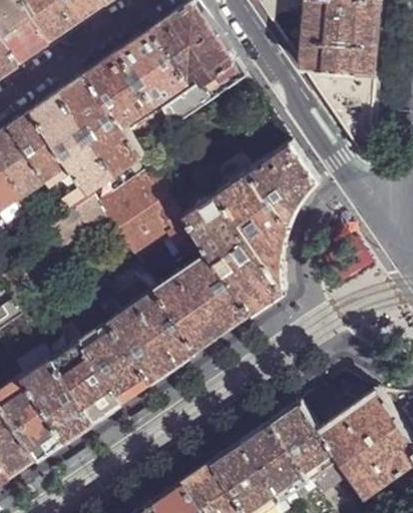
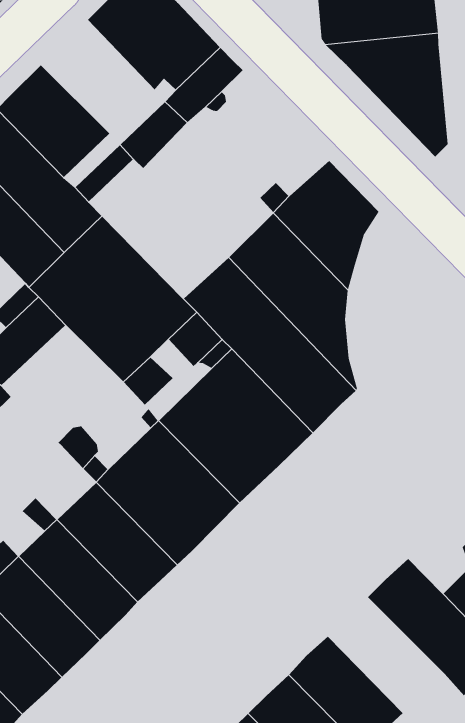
building: [119,27,188,101] -> none
building: [238,422,307,499] -> none

